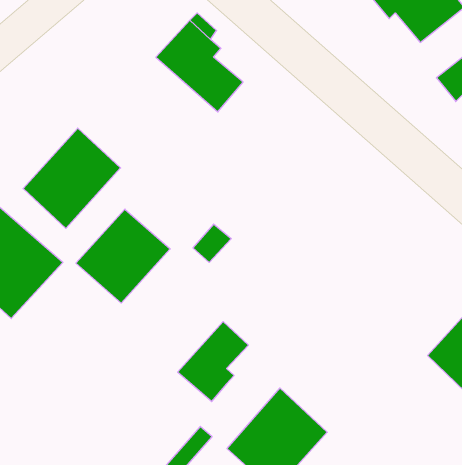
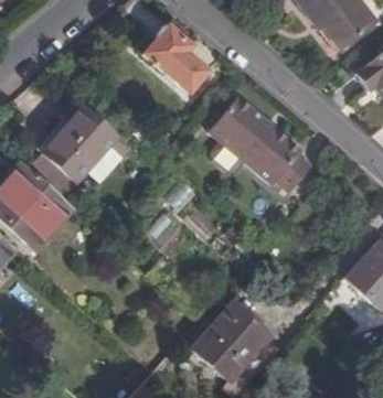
building: none -> [210,96,310,192]
building: [76,209,170,303] -> none
building: [178,322,248,402] -> none

